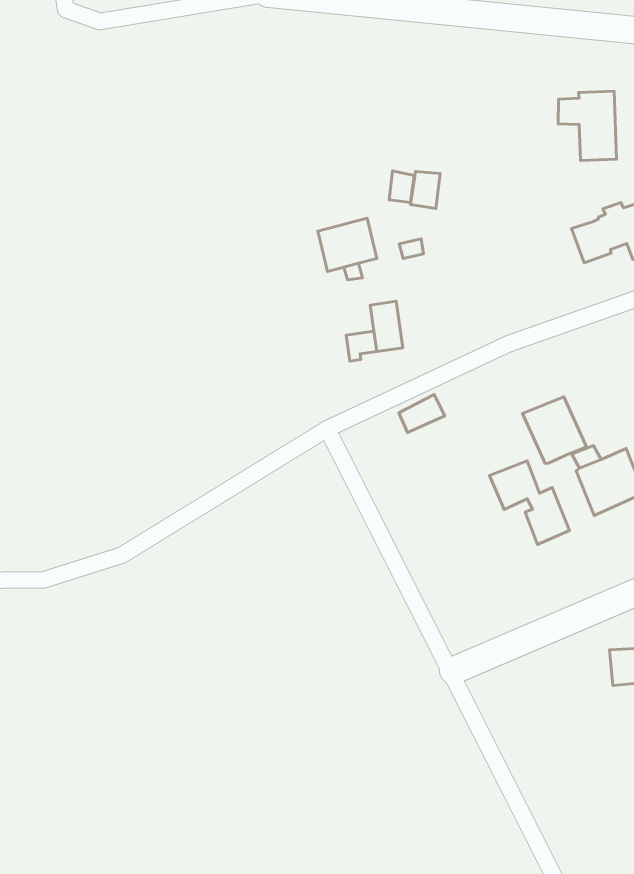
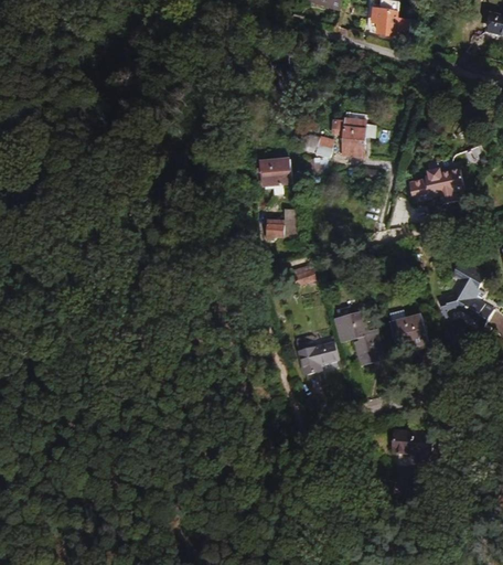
building: [558,91,616,160] -> [331,114,366,156]
building: [522,397,587,464] -> none
building: none -> [298,341,339,374]

